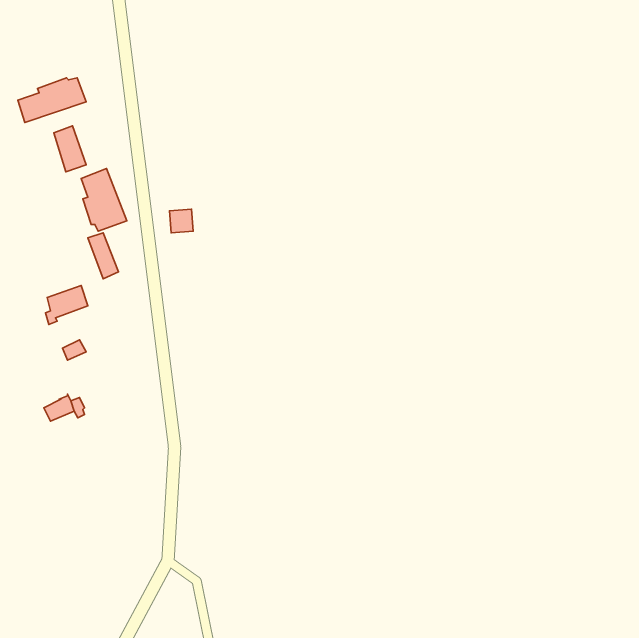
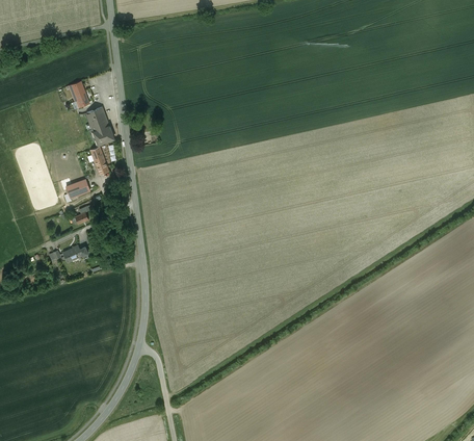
building: [18,78,86,122] -> none

